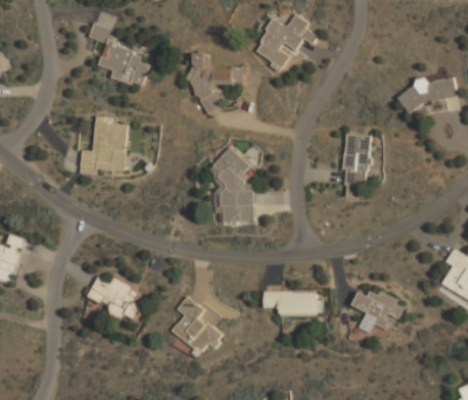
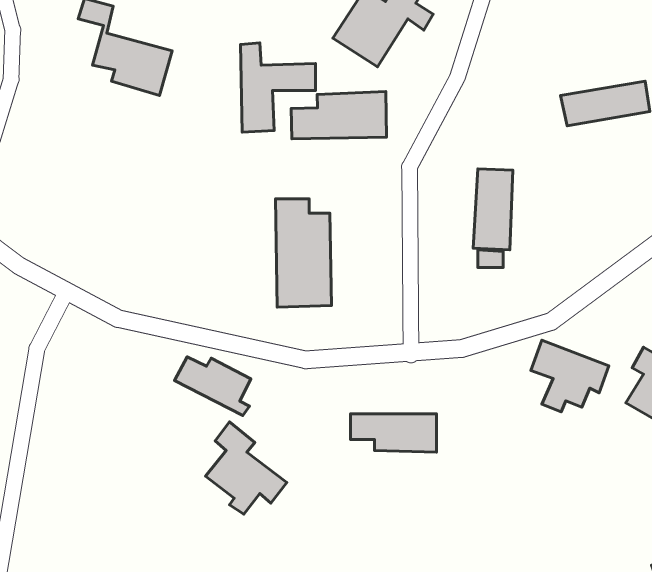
building: none -> [291,91,387,139]
building: [80,120,126,172] -> none
building: [89,276,138,313] -> [175,357,251,416]
building: [352,286,402,332] -> [531,340,609,412]

